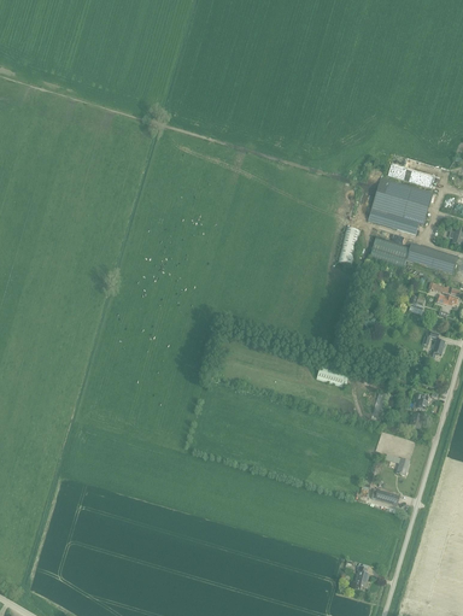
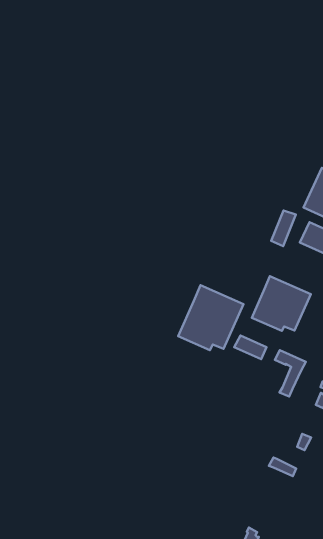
building: none -> [252,276,311,331]
building: none -> [178,285,244,350]

